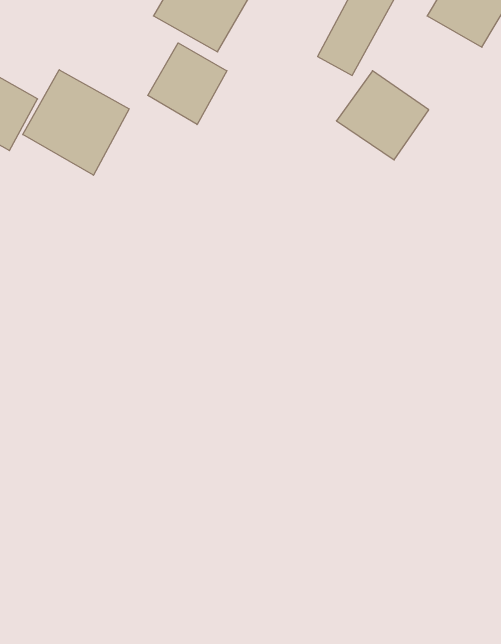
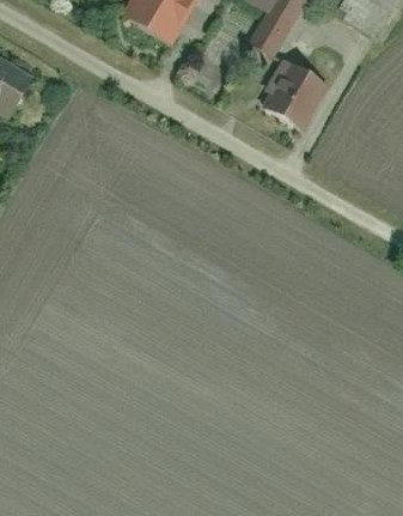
building: [148,43,227,125] -> none
building: [23,70,129,175] -> none

